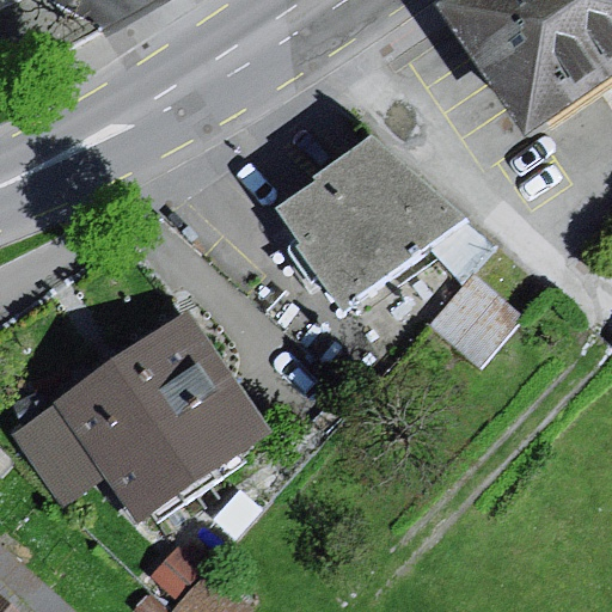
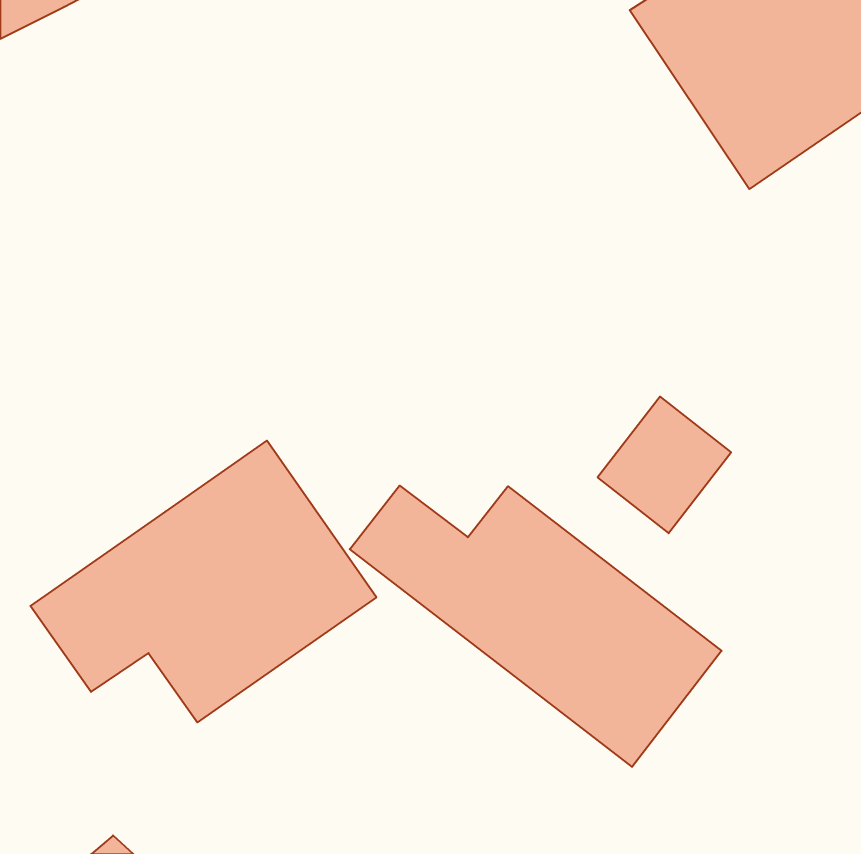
building: [252,146,440,319] -> none
building: none -> [350,486,722,767]

